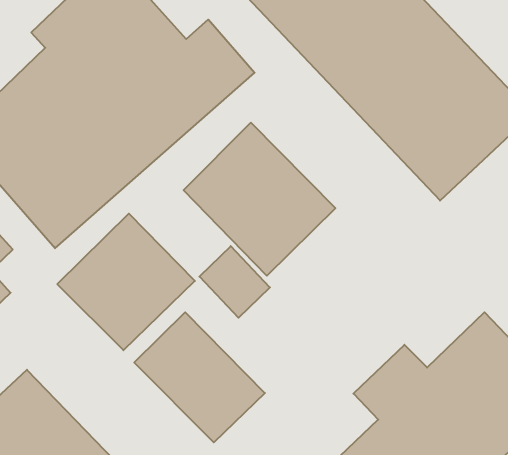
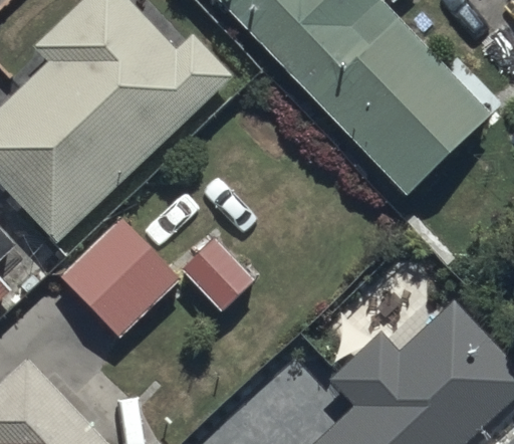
building: [184,123,335,276] -> none
building: [134,312,265,442] -> none

